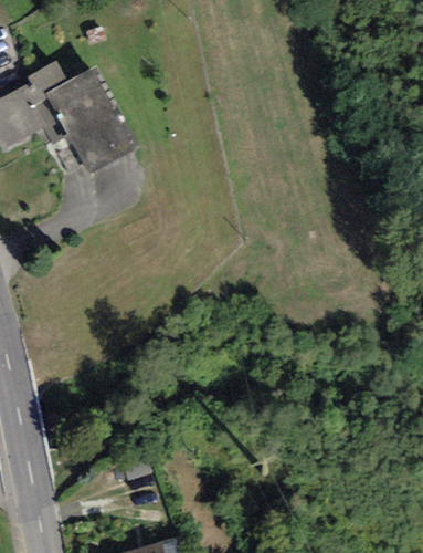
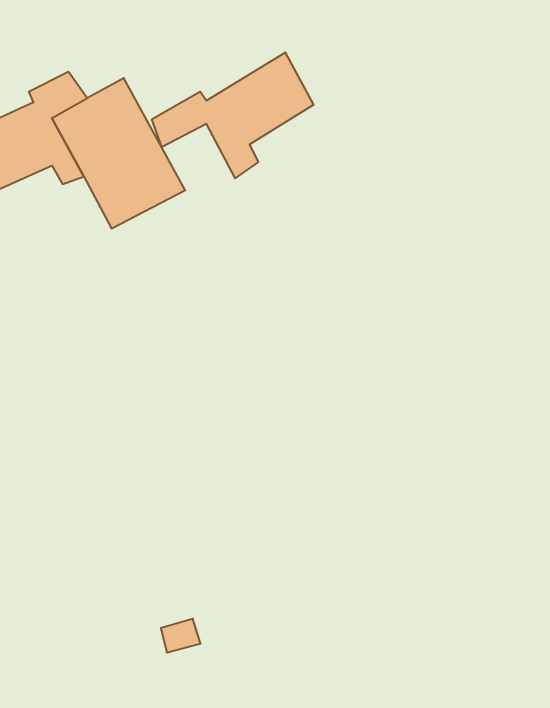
building: none -> [152,52,314,178]

